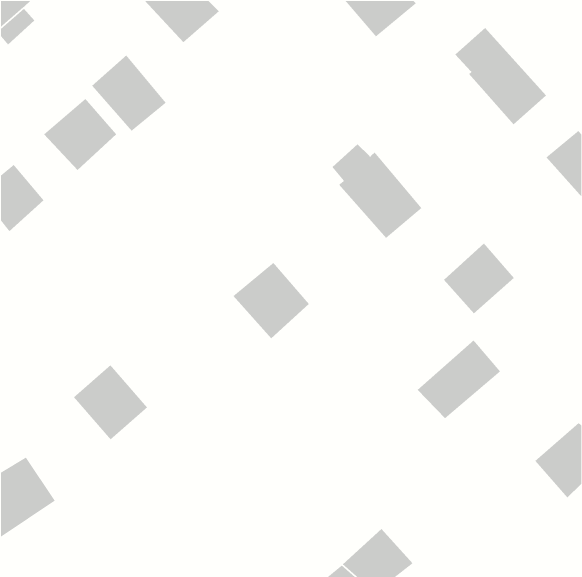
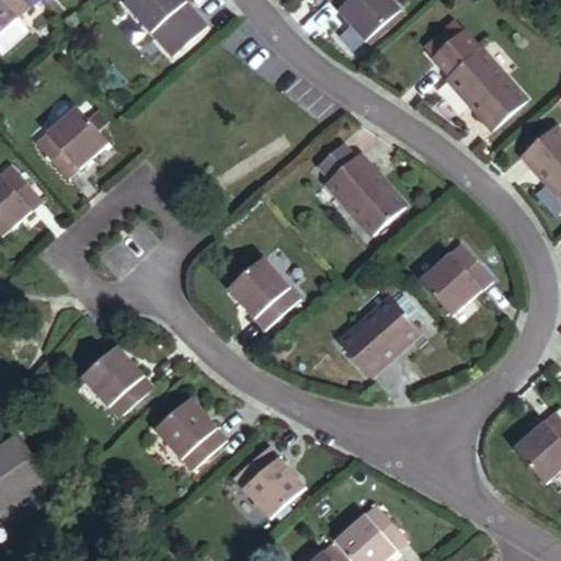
building: [91,55,167,132] -> none
building: [417,340,501,419] -> [344,297,425,374]
building: none -> [140,405,216,481]
building: none -> [221,451,296,527]

